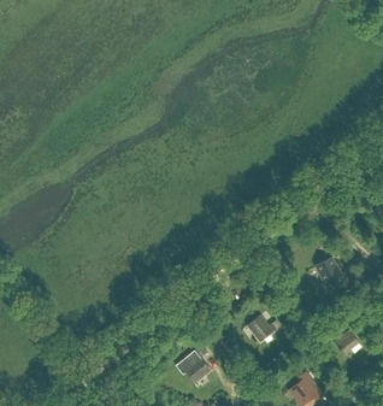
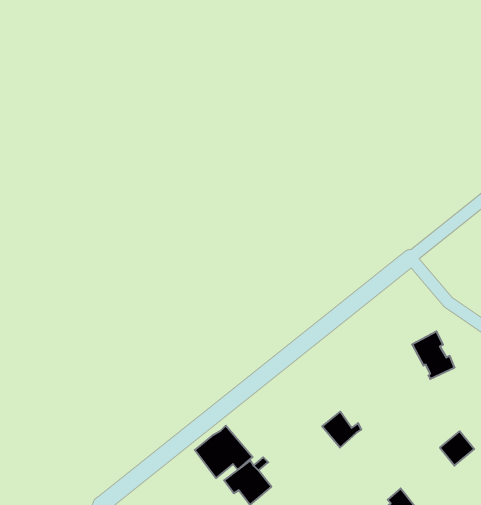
building: none -> [195,426,253,478]

